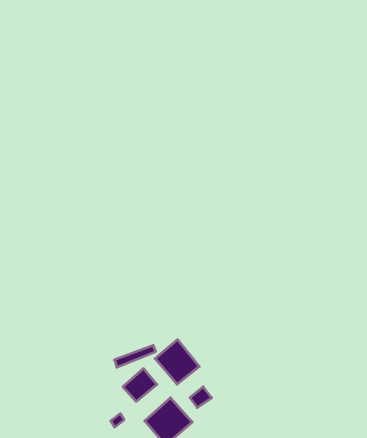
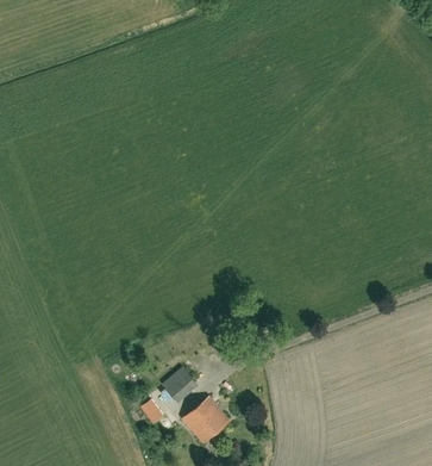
building: [155,340,199,384] -> none

